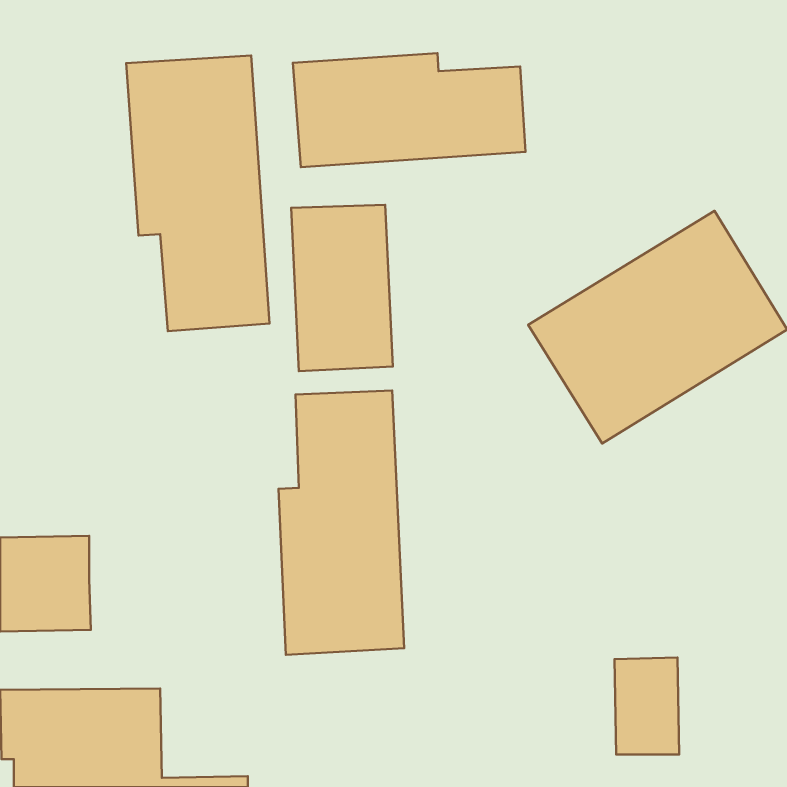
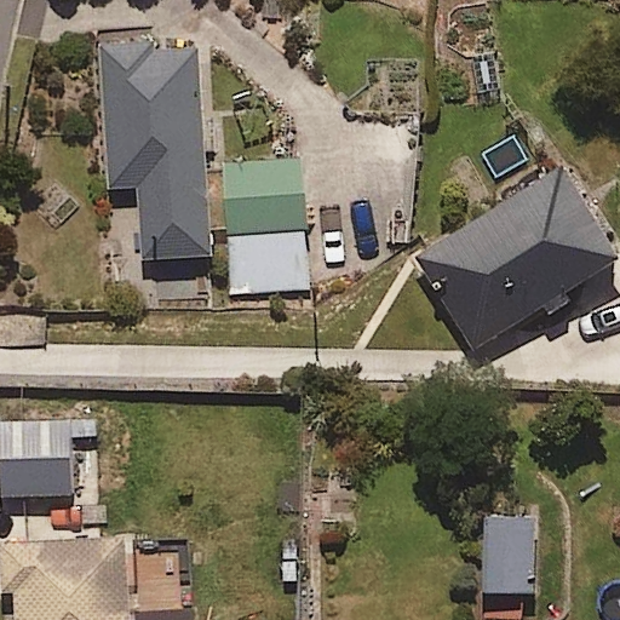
building: [293,53,525,167] -> none
building: [278,391,404,655] -> none

